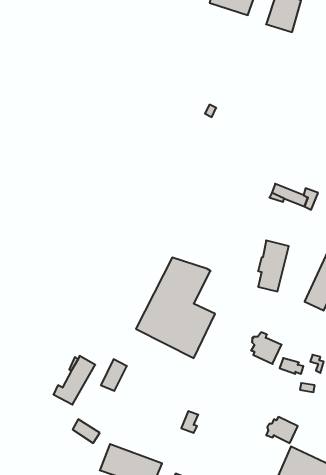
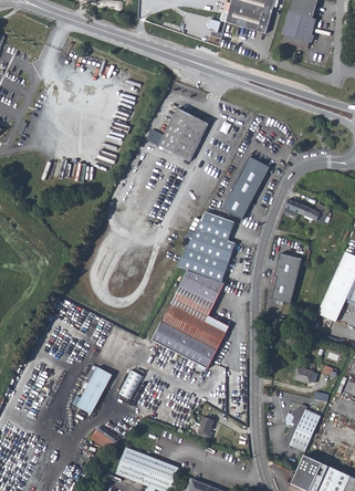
building: none -> [156,109,205,161]
building: none -> [221,158,269,220]
building: none -> [177,213,237,280]
building: [251,332,282,364] -> [290,403,320,433]

